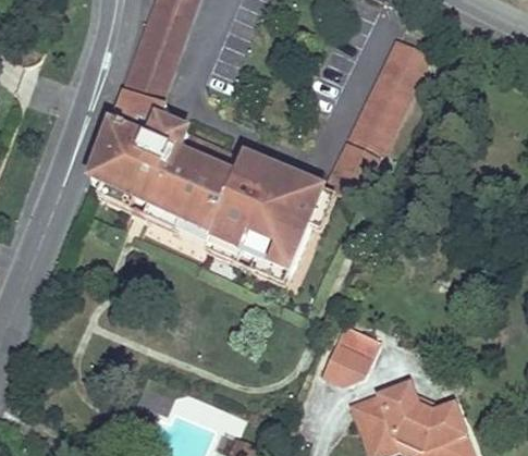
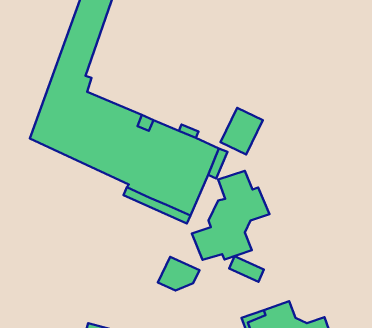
building: [352,38,428,148] -> none
building: none -> [192,171,269,260]
building: [322,338,373,380] -> [158,257,199,290]

